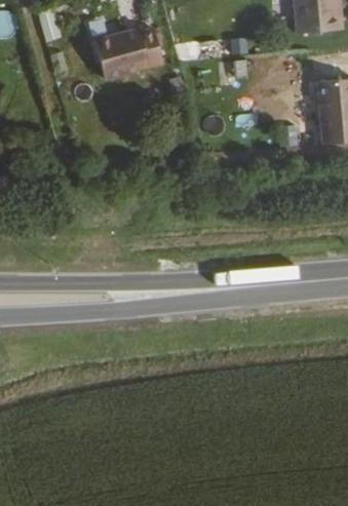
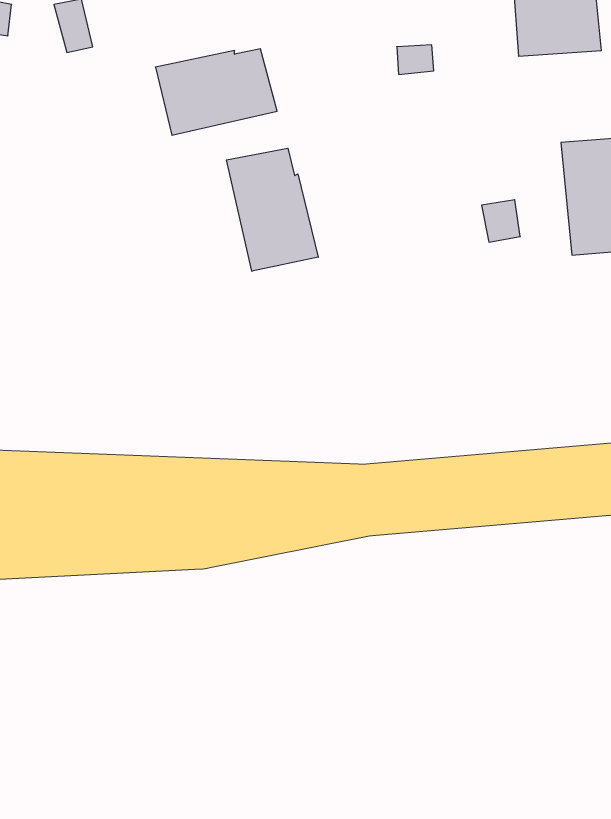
building: none -> [226,148,318,271]

